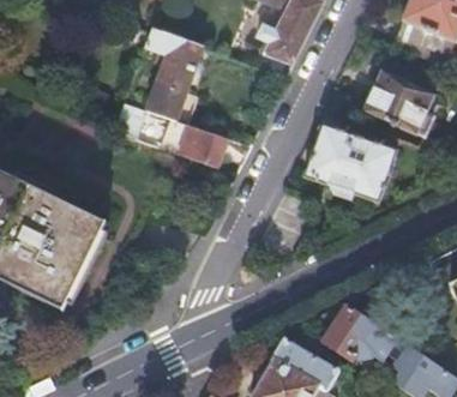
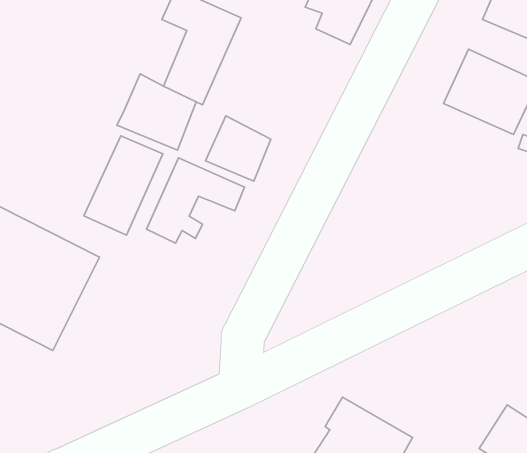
building: [305,125,397,200] -> none
building: none -> [84,136,163,235]
building: none -> [147,158,245,243]
building: [325,306,396,360] -> none

